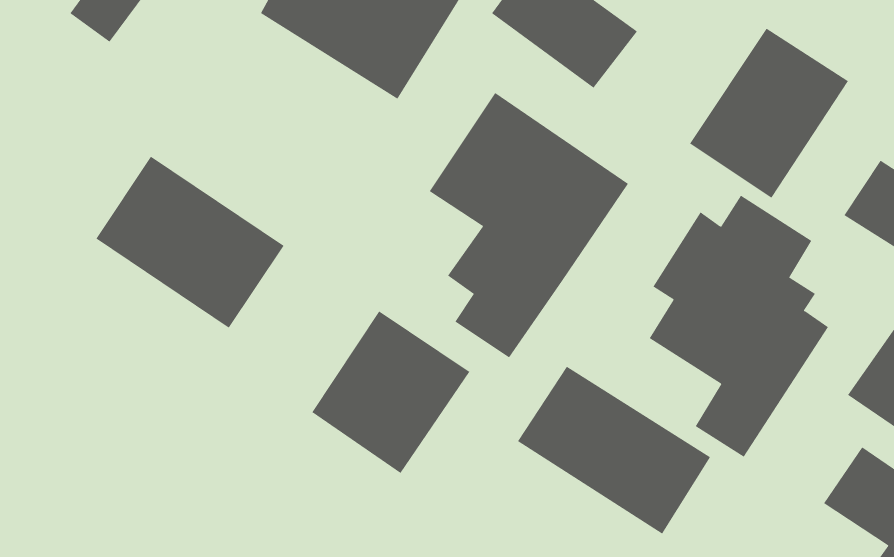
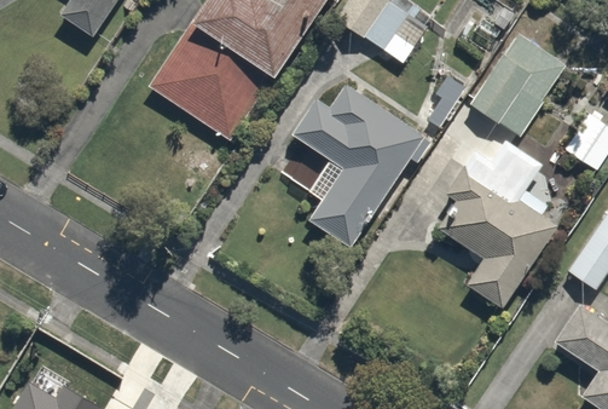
building: [95,156,284,329] -> [143,30,267,144]
building: [312,311,470,474] -> none
building: [517,366,711,535] -> none

